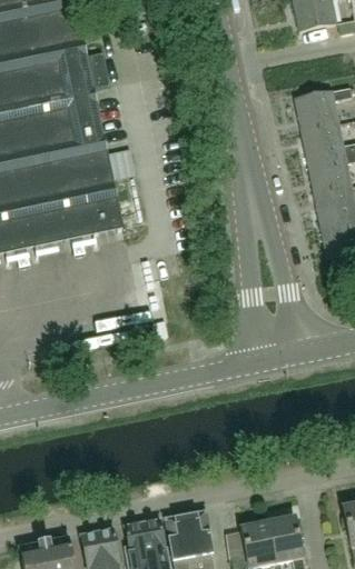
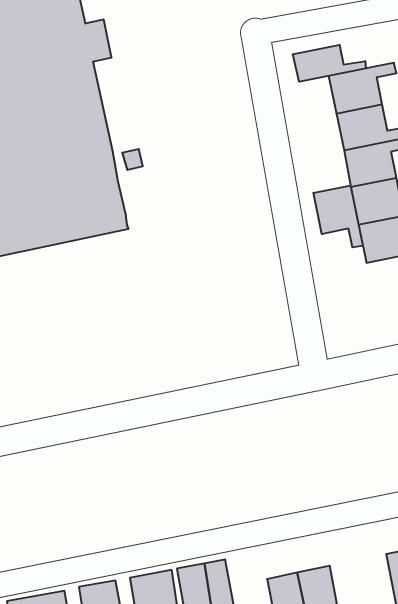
building: none -> [293,45,366,82]
building: none -> [313,186,363,247]

